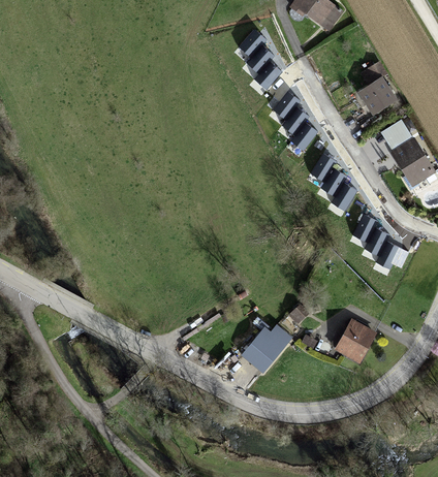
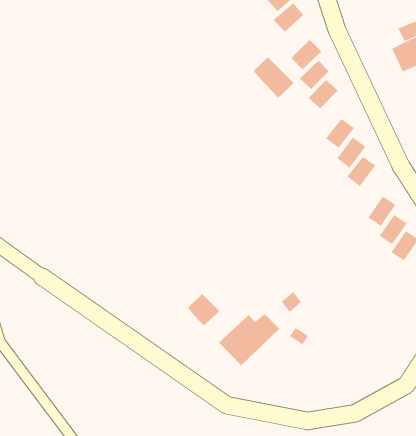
building: none -> [253,56,294,98]
building: none -> [187,293,220,326]
building: [338,319,376,357] -> none

